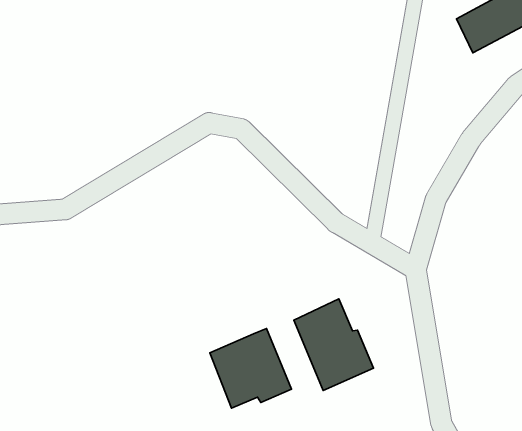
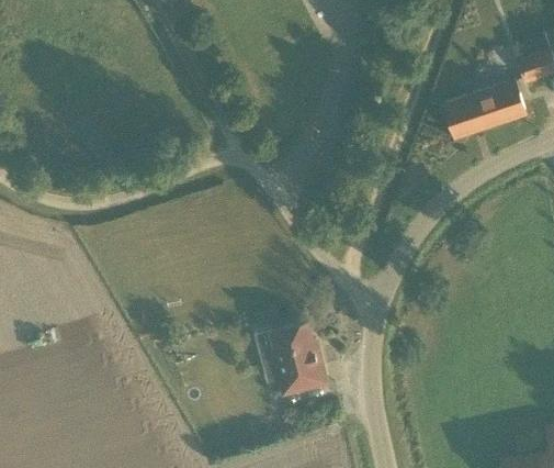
building: [210,328,292,408] -> none

